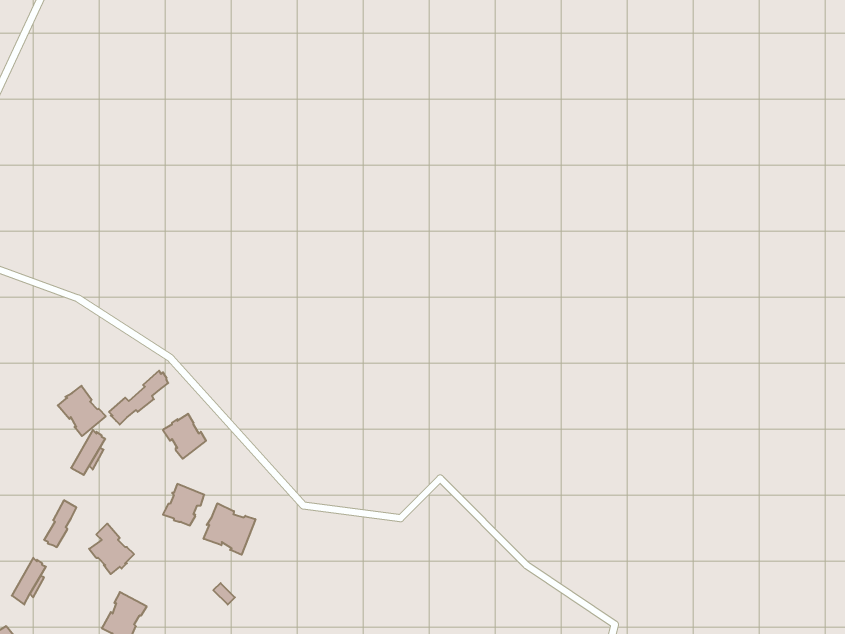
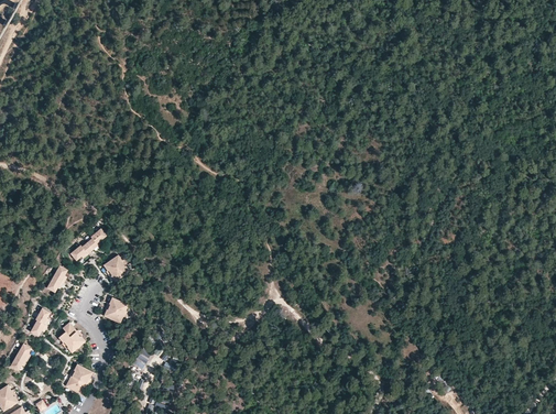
building: [58,386,106,436] -> none
building: [204,503,255,555] -> none

